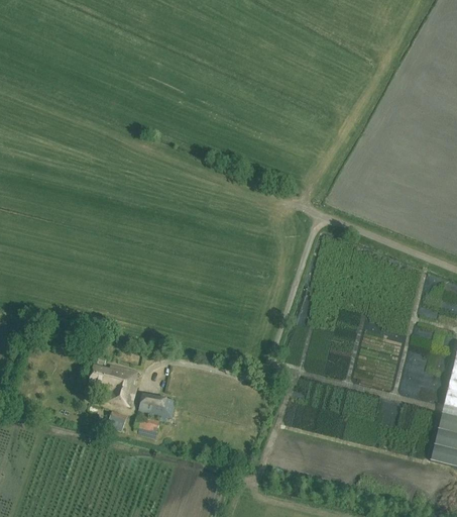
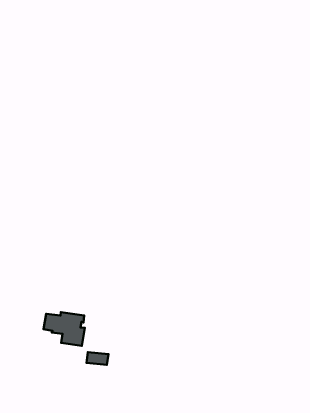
building: [139,394,178,418] -> none

